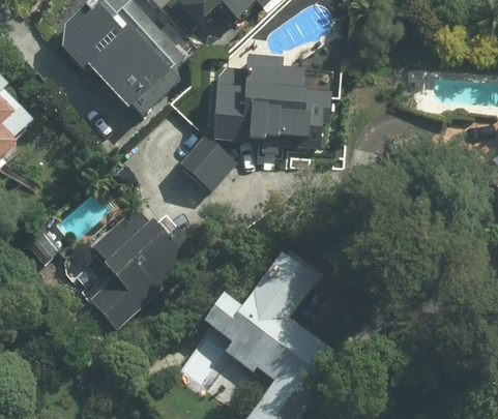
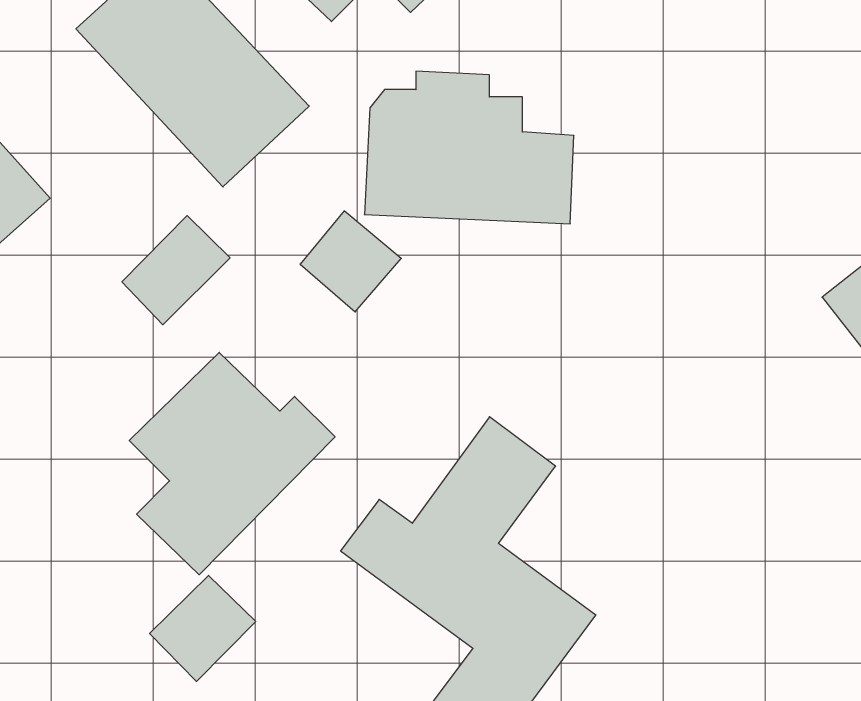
building: none -> [122,216,230,325]
building: none -> [150,575,256,681]

